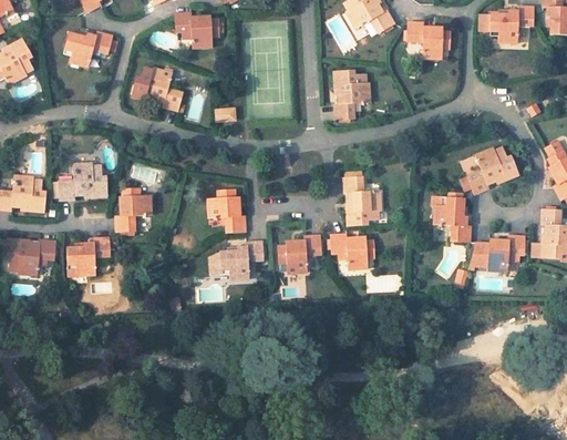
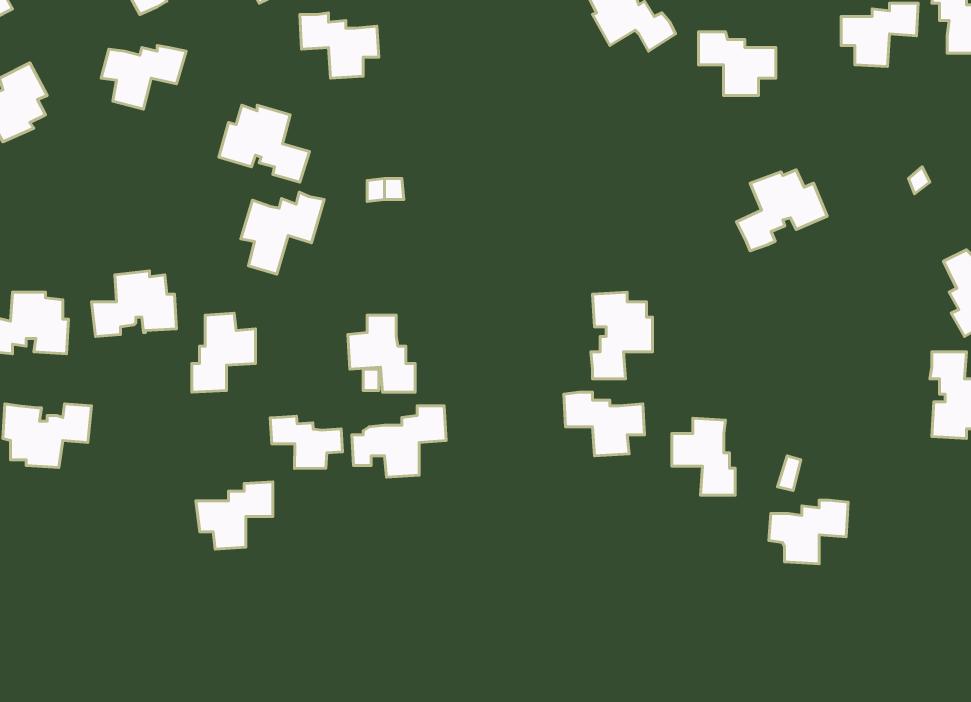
building: [333,72,370,122] -> none
building: none -> [241,192,324,274]
building: [465,146,517,193] -> [737,170,827,251]
building: [432,196,468,241] -> [672,418,735,495]
building: [276,233,320,272] -> none
building: [476,234,522,270] -> [769,500,848,564]
building: [65,236,110,275] -> [196,482,273,549]
building: none -> [270,416,343,468]

